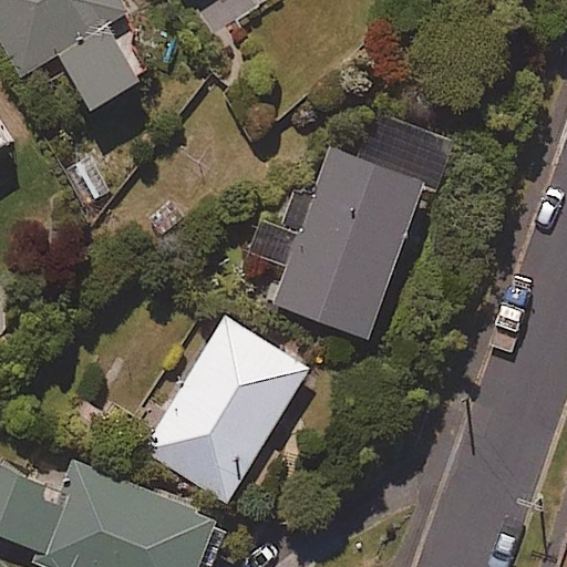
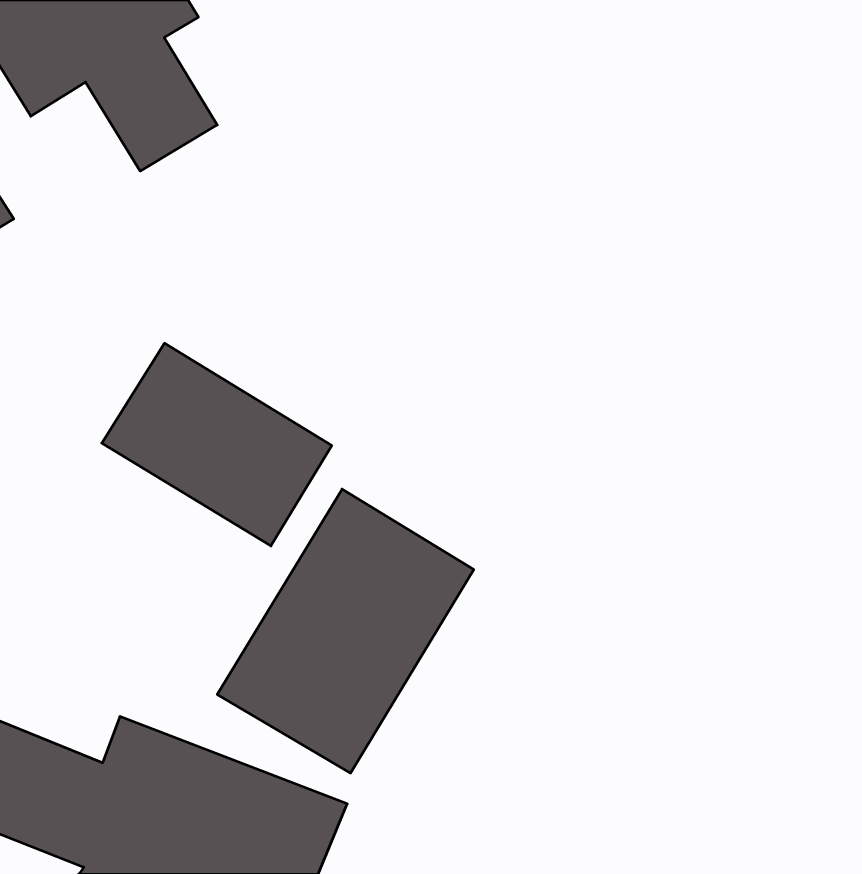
building: [269,118,451,339] -> none
building: none -> [102,343,332,546]

